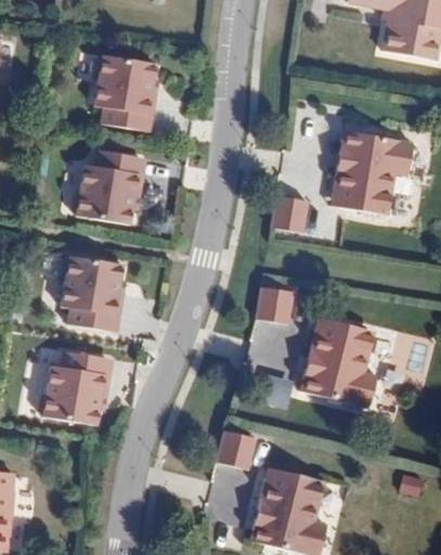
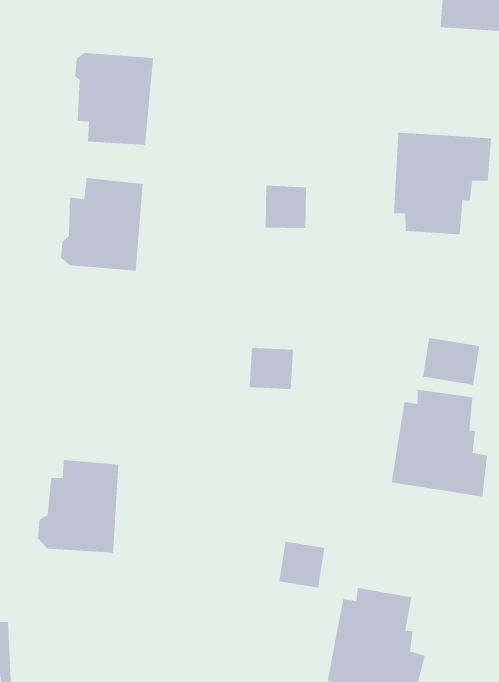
building: [273,196,308,232] -> [265,185,307,229]
building: [62,258,122,336] -> none
building: none -> [423,337,480,386]
building: [263,292,300,326] -> [249,347,294,389]

